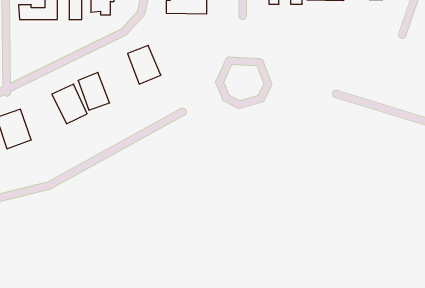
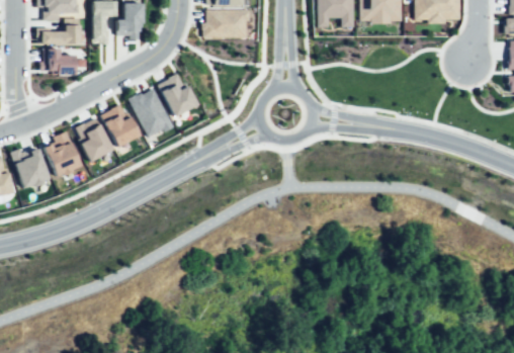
building: none -> [44,49,77,74]
building: none -> [131,88,175,139]
building: none -> [46,131,83,178]

